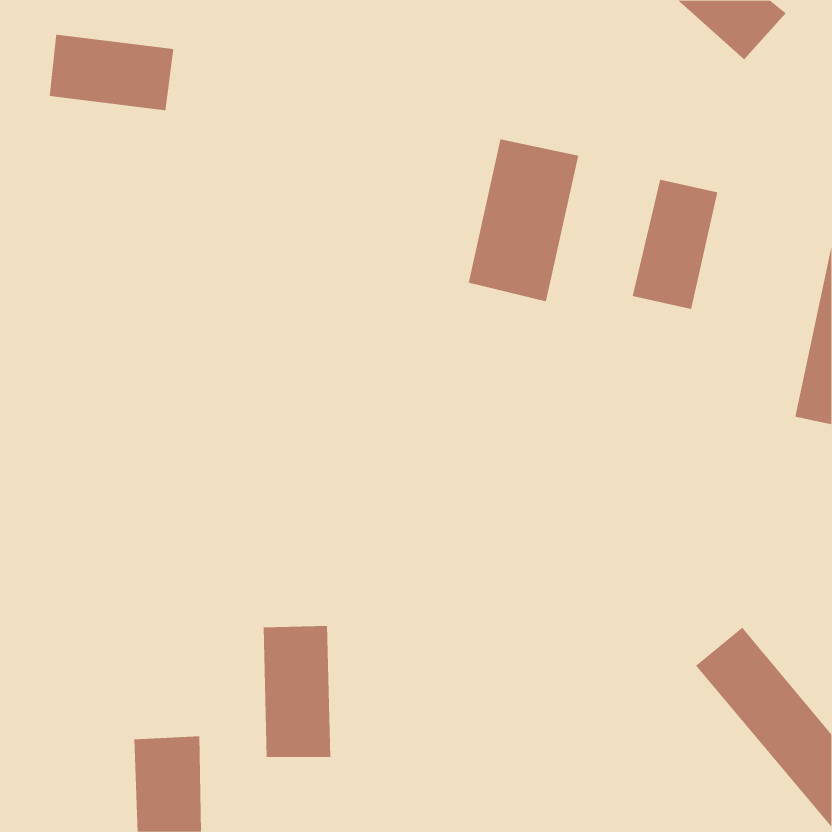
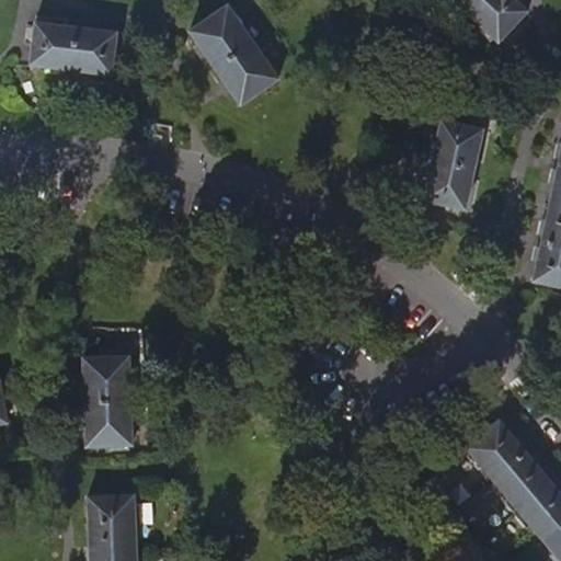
building: none -> [192,7,278,104]
building: [468,138,579,302] -> none
building: [263,625,331,757] -> [85,357,131,446]

